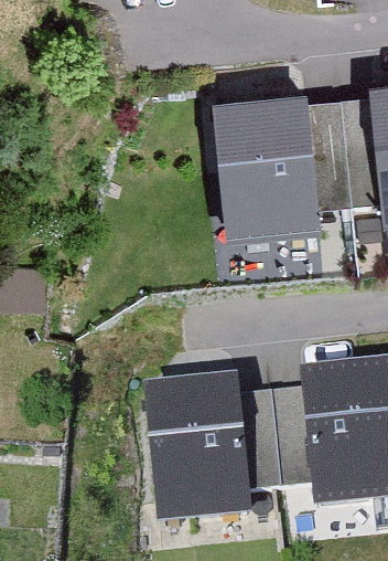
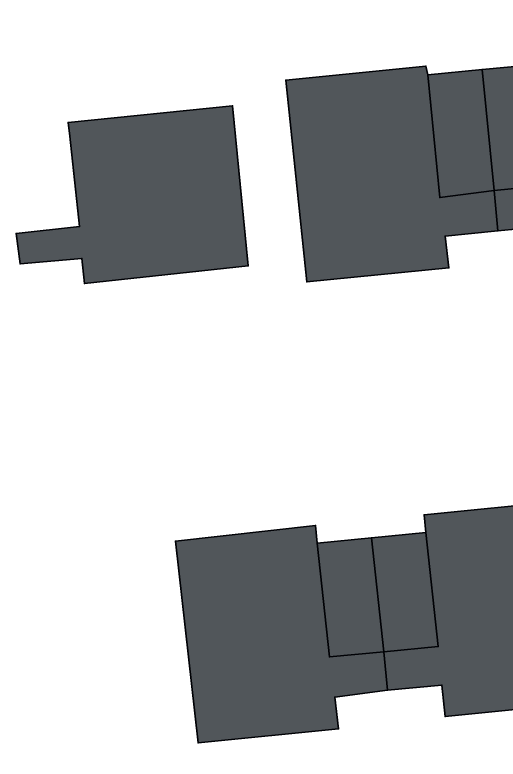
building: none -> [16,106,248,284]

